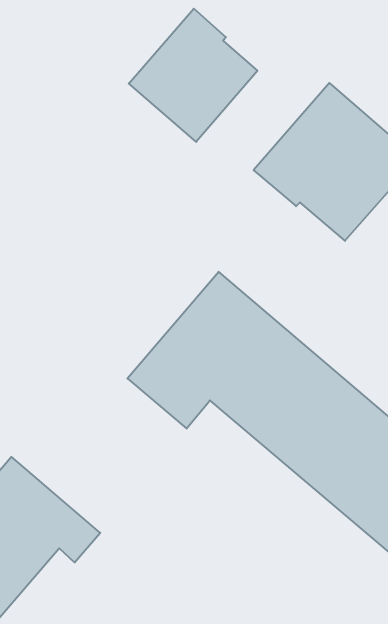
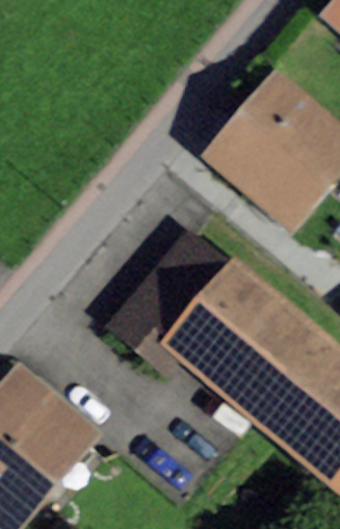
building: [129,9,257,142] -> none

